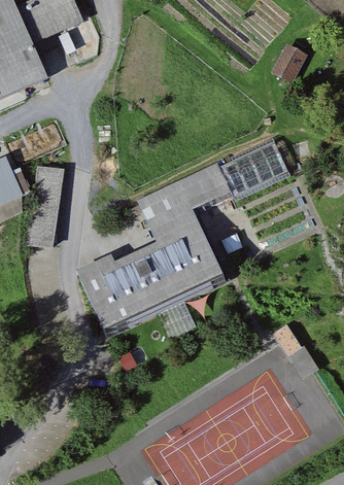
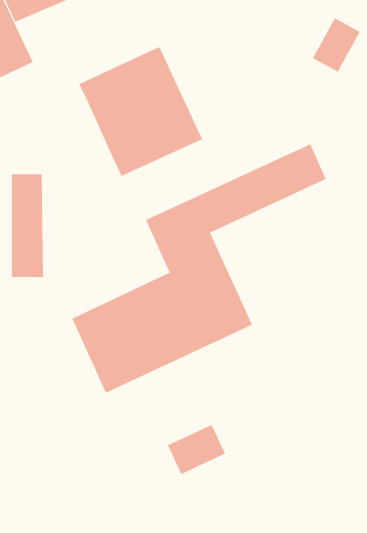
building: none -> [79,46,203,177]
building: none -> [167,424,226,475]

